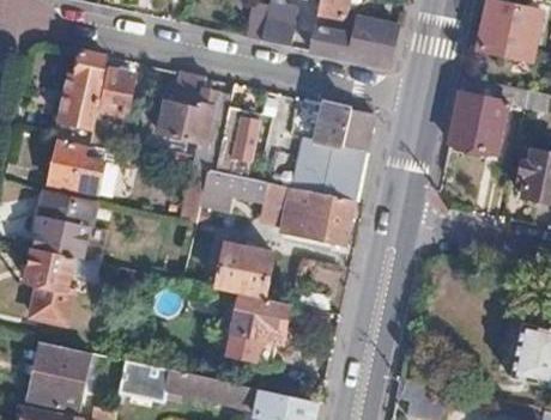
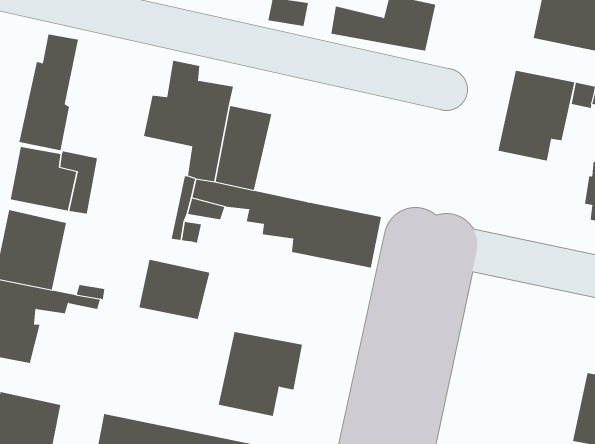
building: [98,69,134,116] -> none
building: [293,103,373,200] -> none
building: [217,244,276,293] -> [138,259,210,319]

